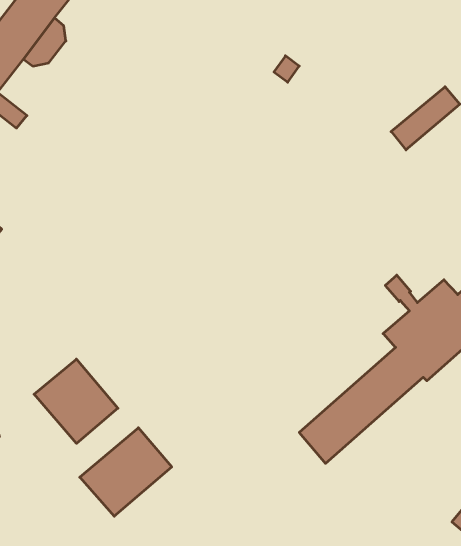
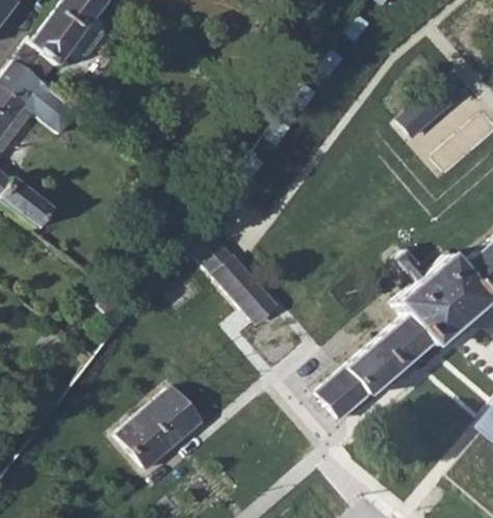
building: none -> [186,219,277,322]
building: [34,359,118,443] -> none

